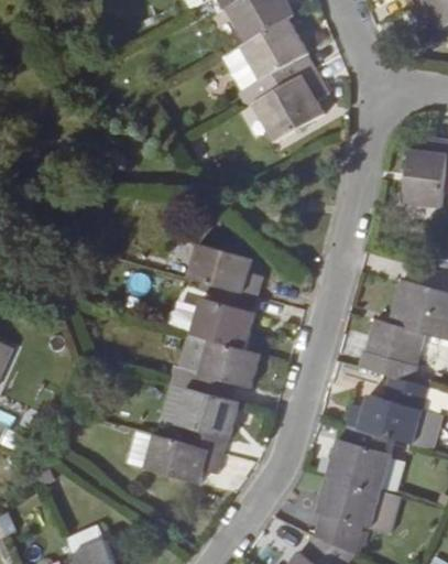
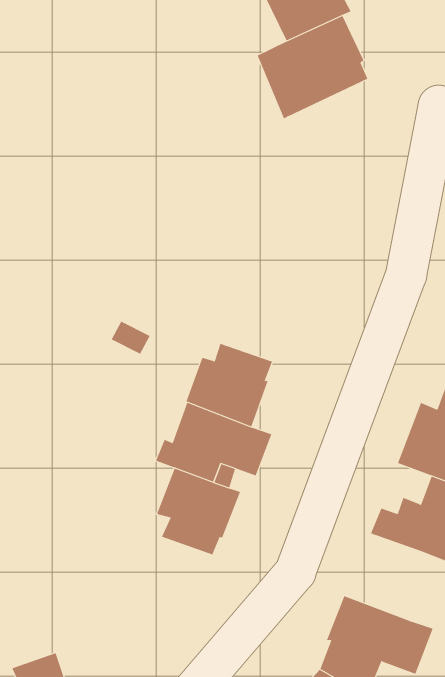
building: [252,67,328,142] -> none
building: [188,243,262,296] -> none
building: [328,425,393,491] -> none
building: [145,434,222,484] -> none

